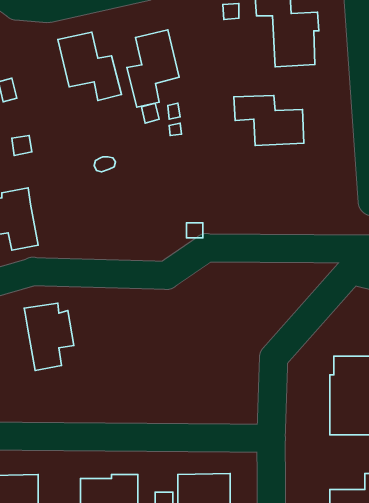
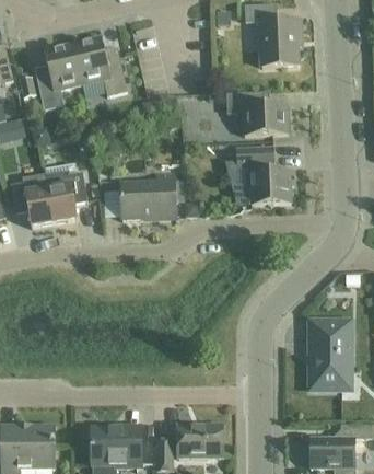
building: [127,30,179,107] -> [35,43,81,111]
building: none -> [235,148,293,207]
building: none -> [120,172,175,220]
building: [24,303,74,370] -> [44,164,87,223]

